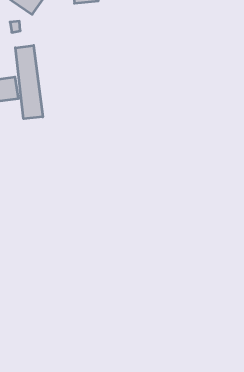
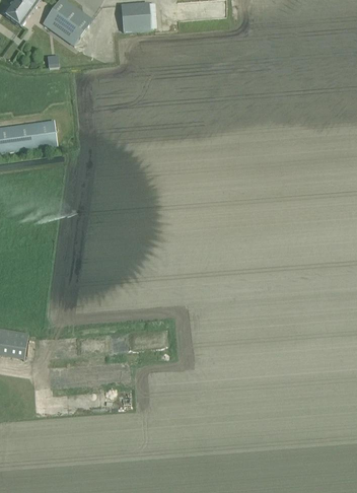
building: [15,45,43,119] -> none

